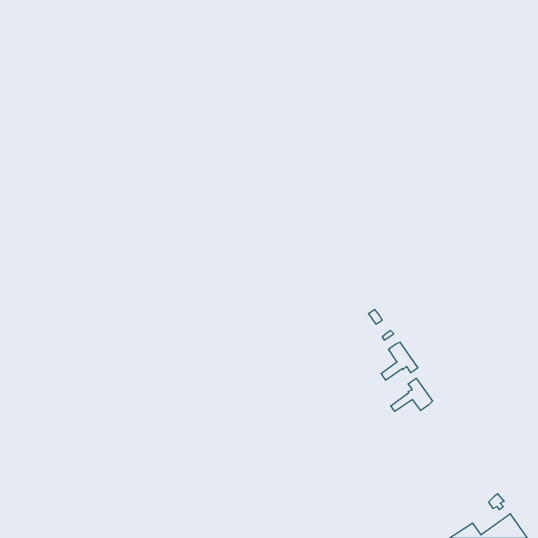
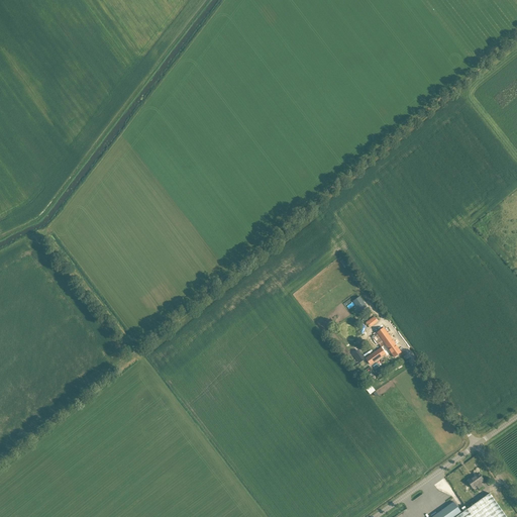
building: [391,378,432,411] -> none

